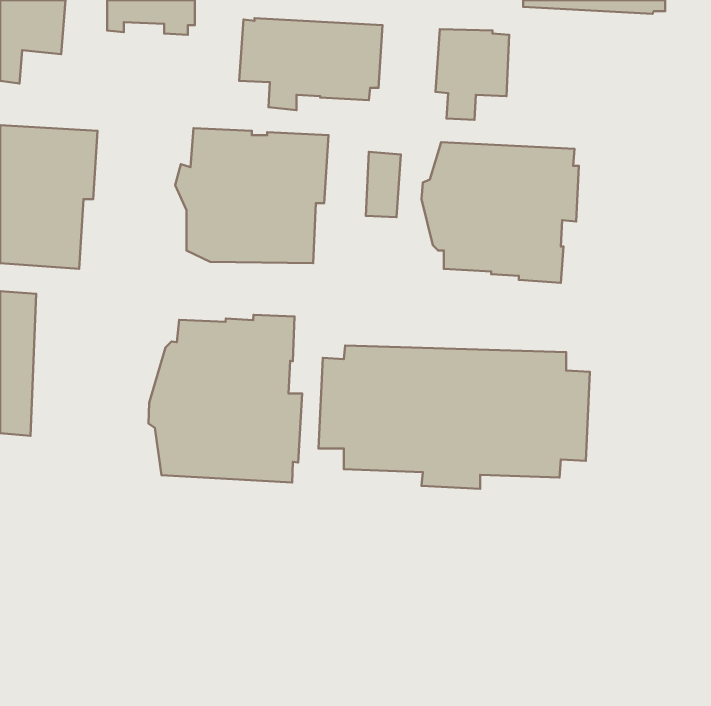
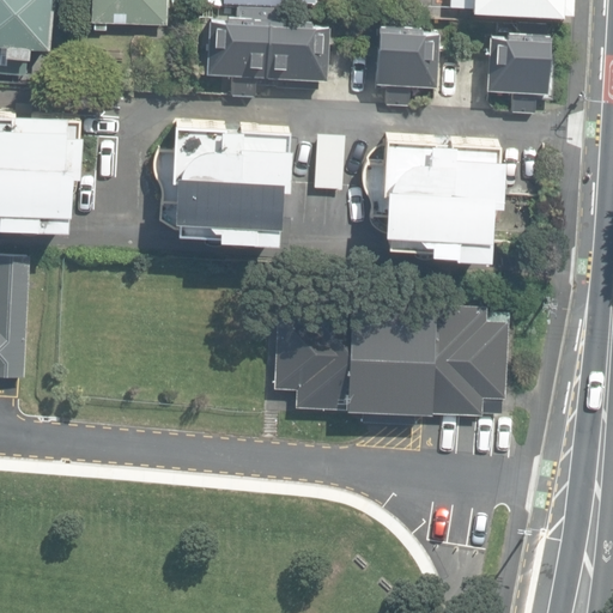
building: none -> [486,37,553,115]
building: [149,315,302,482] -> none

